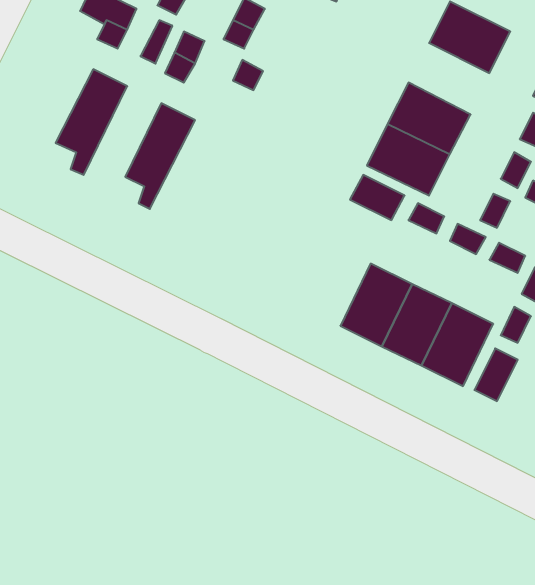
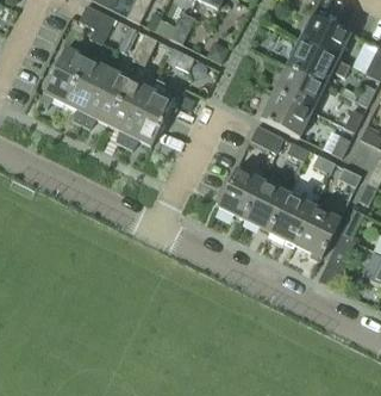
building: none -> [286,39,349,85]
building: none -> [38,45,87,106]
building: none -> [81,67,130,128]
building: none -> [123,78,177,149]
building: none -> [217,166,262,218]

